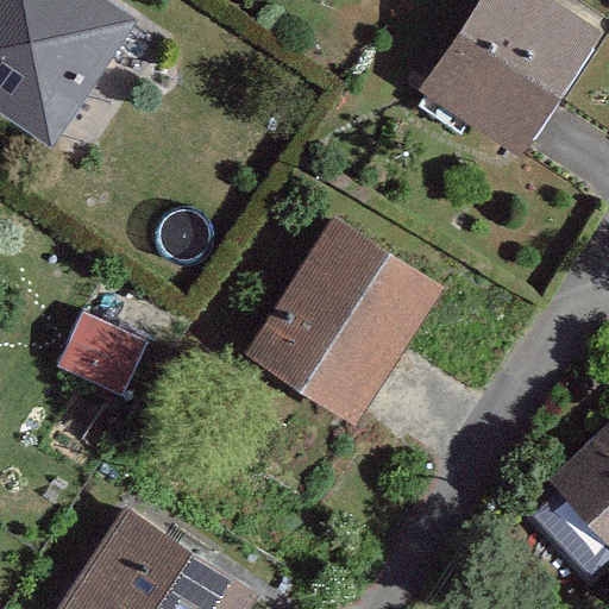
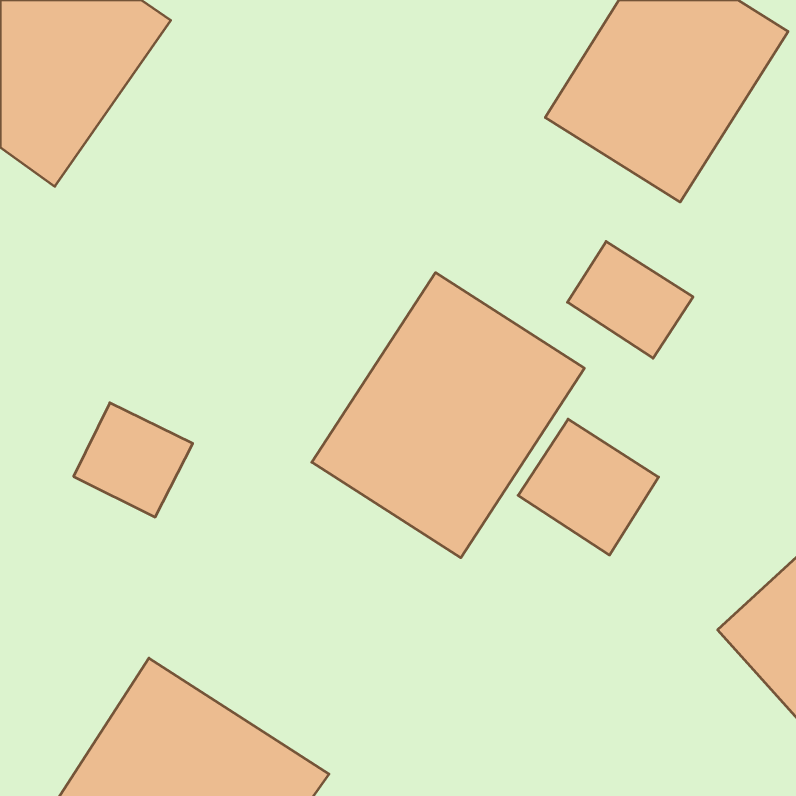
building: none -> [567,241,693,358]
building: none -> [518,419,659,555]

